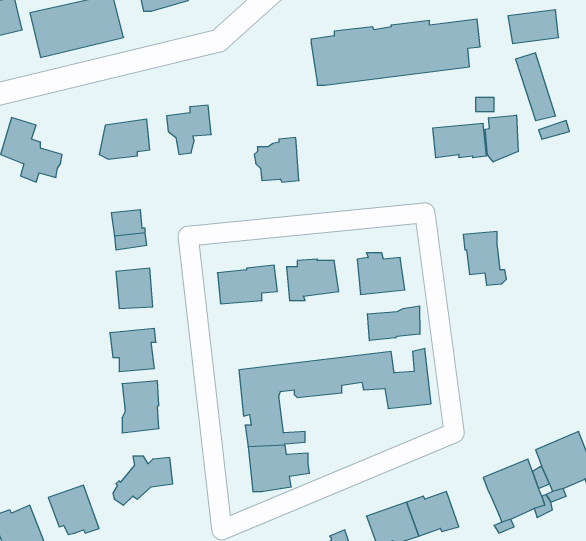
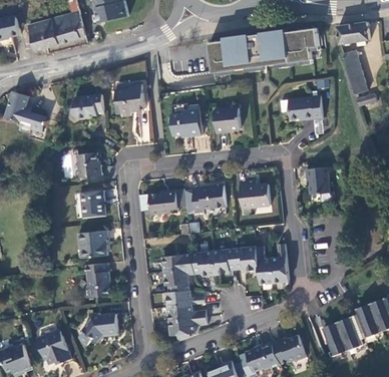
building: [485,115,518,162] -> none
building: none -> [214,108,240,133]
building: [368,306,420,341] -> none

